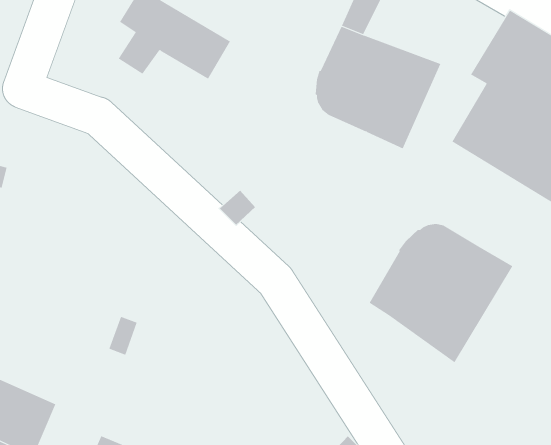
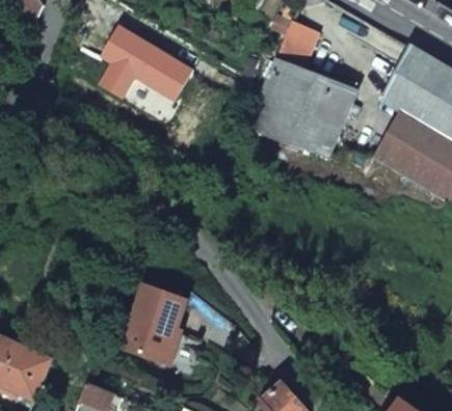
building: [369,223,513,363] -> none
building: none -> [122,285,188,364]

